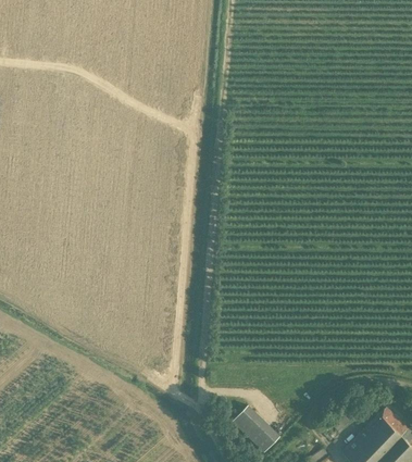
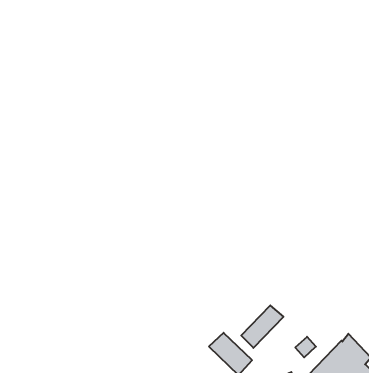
building: none -> [241,305,283,348]

